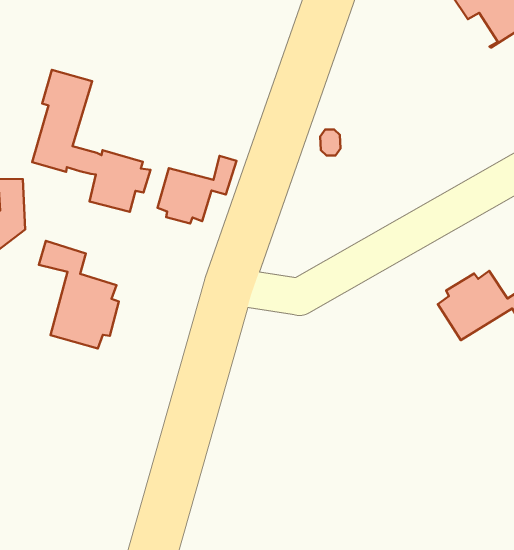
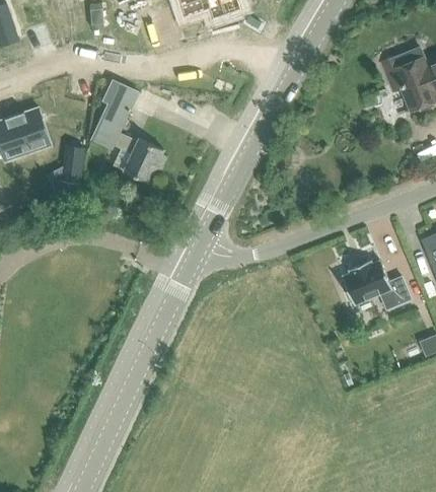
building: [157,156,236,224] -> none
building: [39,241,119,349] -> none

